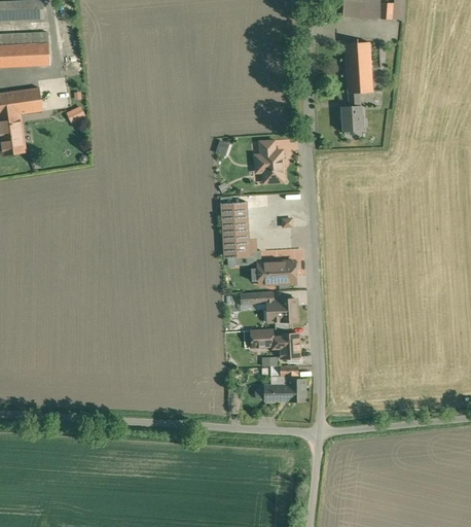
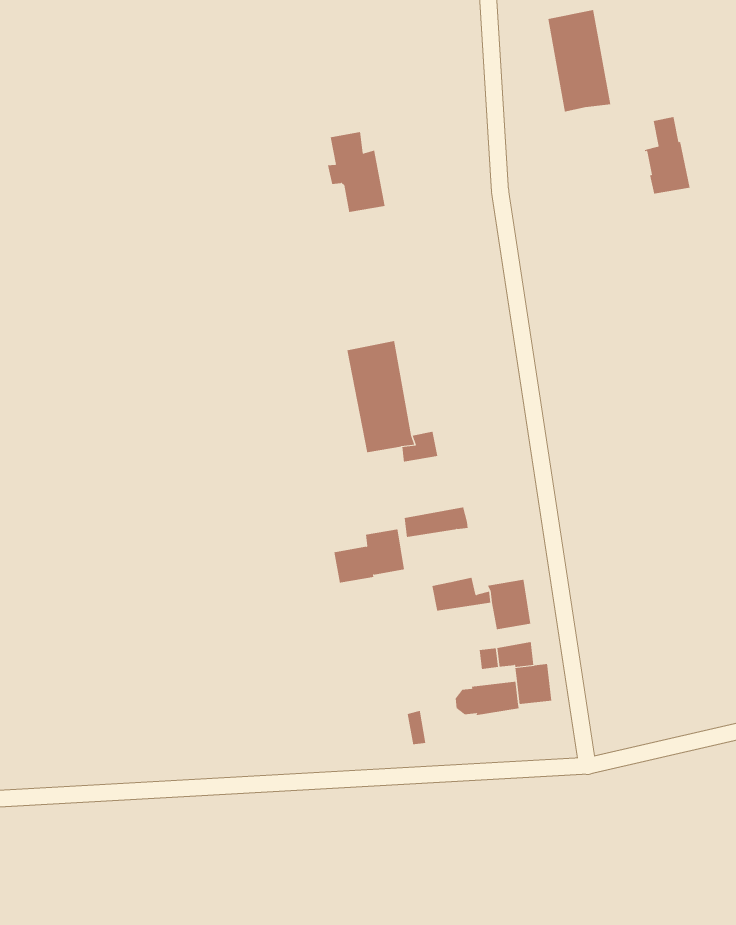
building: [341,92,363,131] -> [644,116,690,194]
building: [255,140,283,181] -> [327,132,386,212]
building: [259,260,295,285] -> [333,529,405,583]
building: [266,298,297,328] -> none

